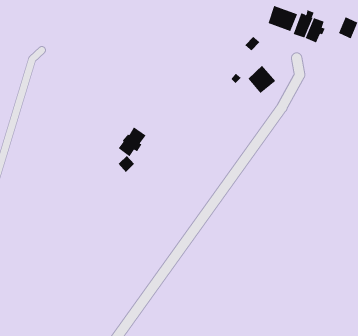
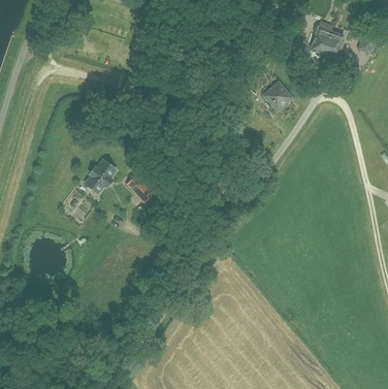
building: [268,5,298,32] -> none
building: [118,127,146,157] -> [86,160,116,192]

